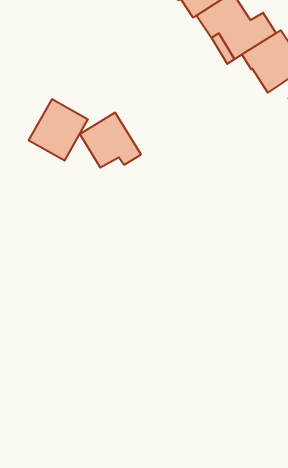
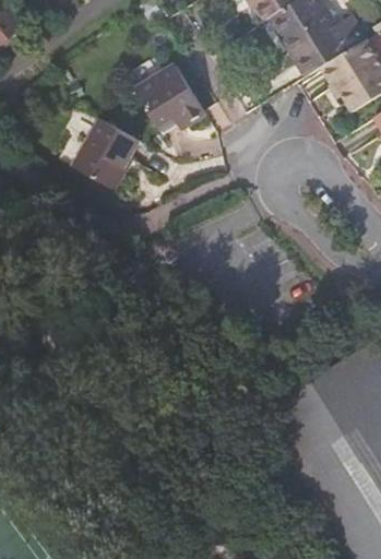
building: [80,113,141,168] -> [134,62,206,127]

